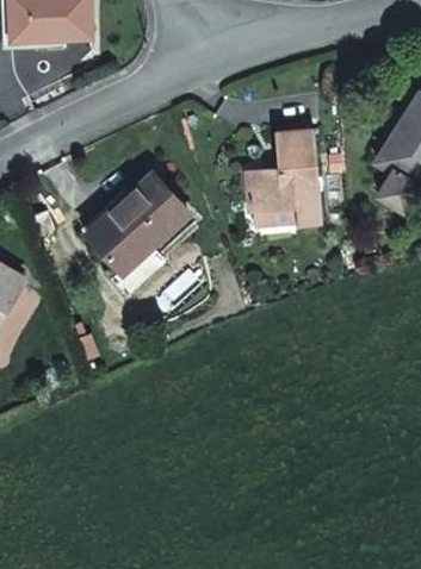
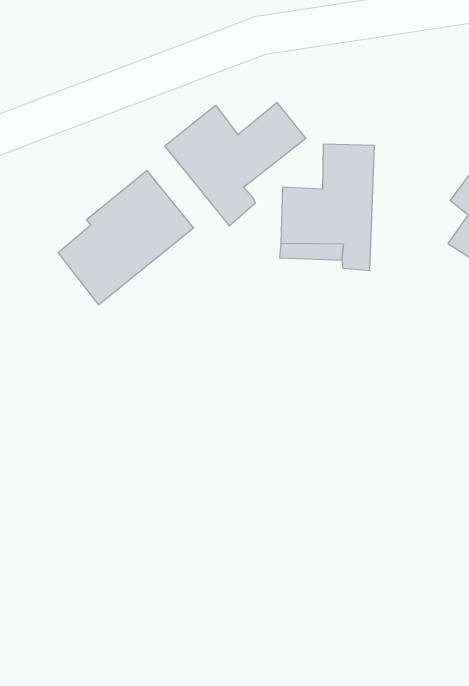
building: none -> [165,102,306,226]

